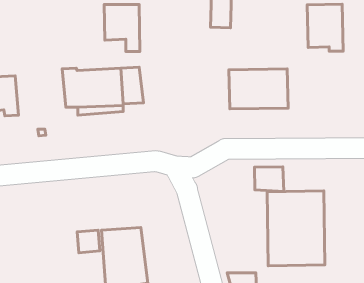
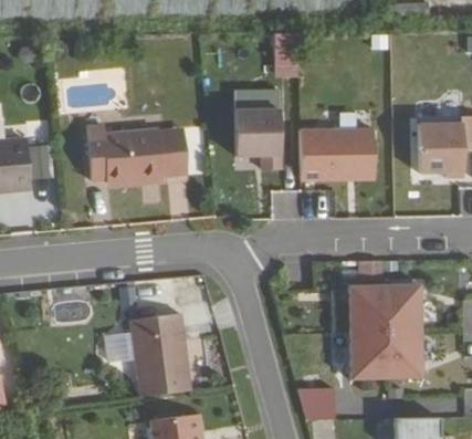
building: [307,4,343,51] -> [417,116,462,176]
building: [104,4,140,52] -> [234,108,280,168]
building: [254,167,284,191] -> none

